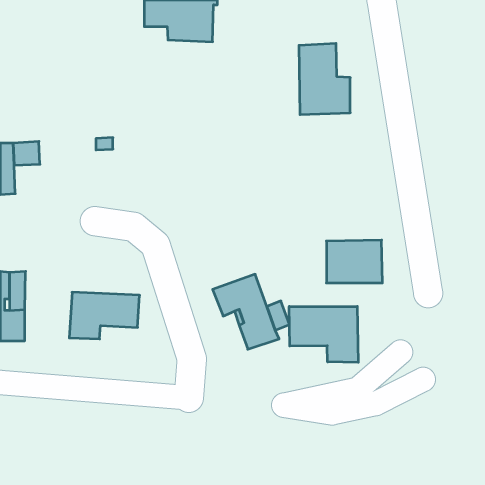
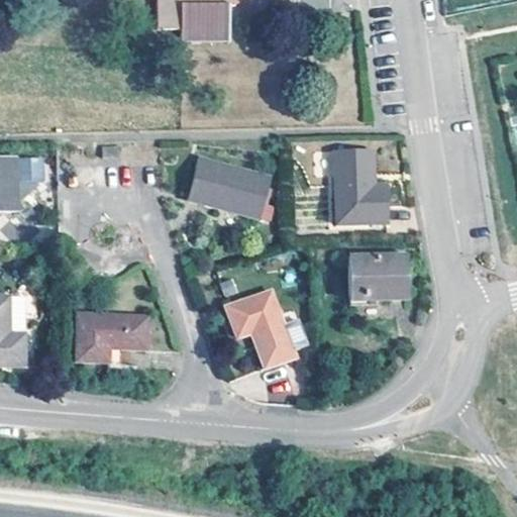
building: [299,43,350,115] -> [333,149,388,225]
building: none -> [186,157,271,216]
building: [289,306,358,362] -> none

